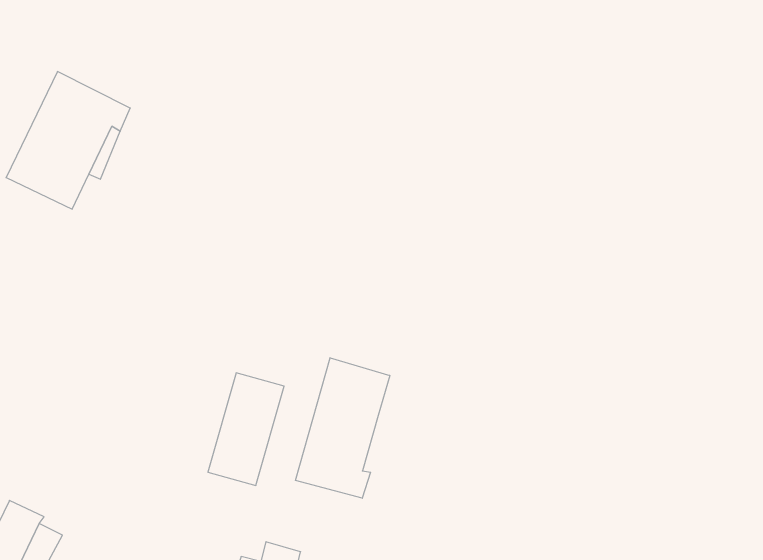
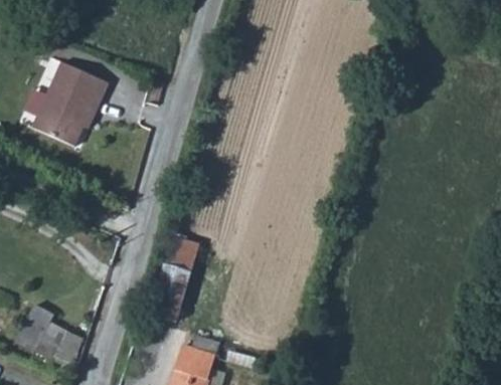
building: [295,358,390,498] -> none

